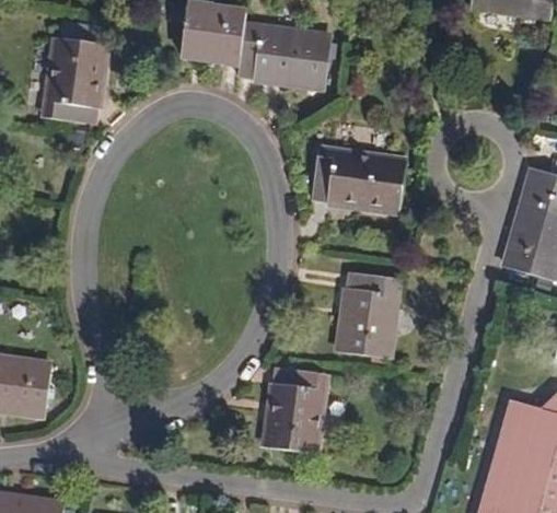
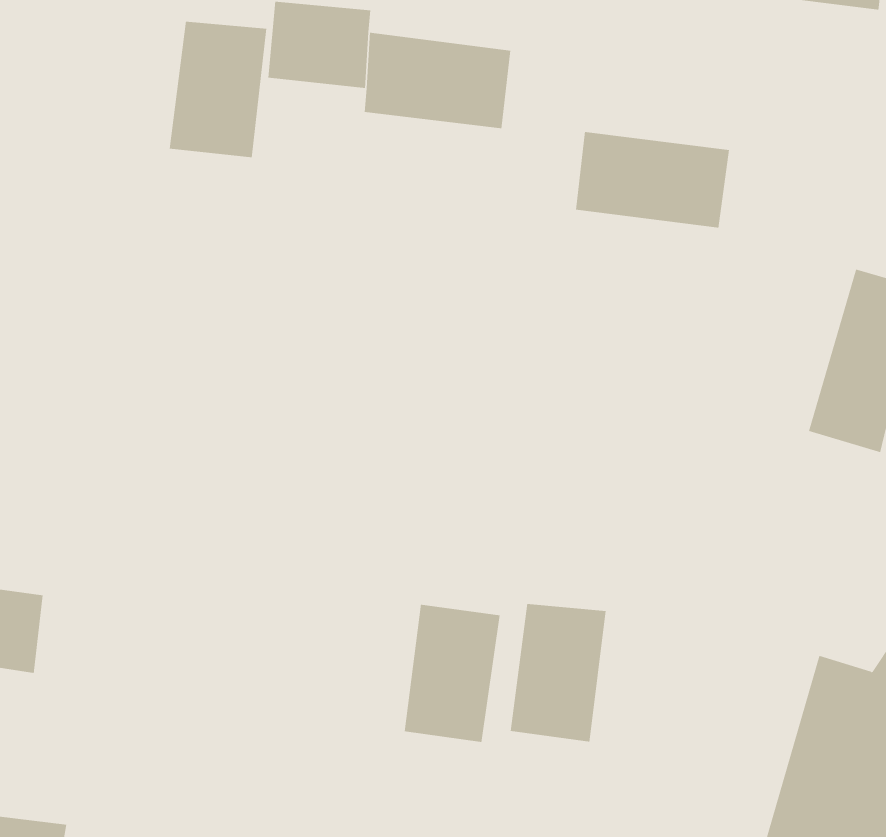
building: [44,37,103,119] -> [169,21,267,158]
building: [311,151,404,209] -> [575,132,730,228]
building: [337,275,395,358] -> [510,604,606,742]

